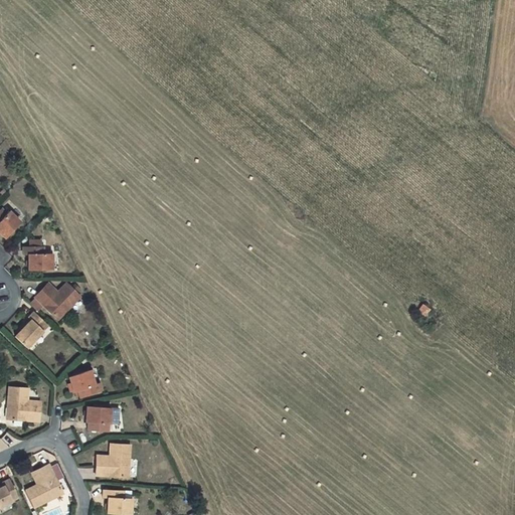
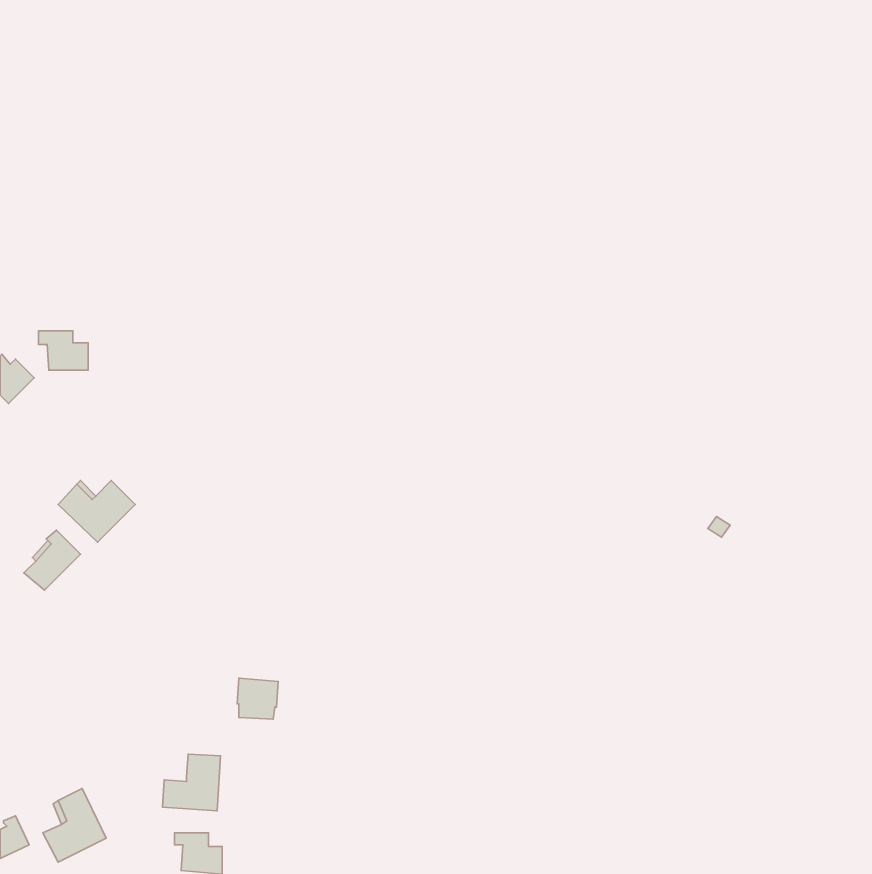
building: [23,246,52,270] -> [38,331,88,370]
building: [69,369,102,397] -> none
building: [7,387,40,421] -> none
building: [87,406,111,431] -> [237,678,278,719]

